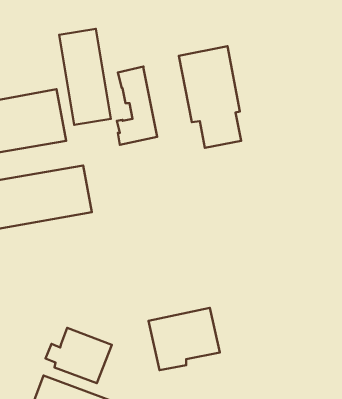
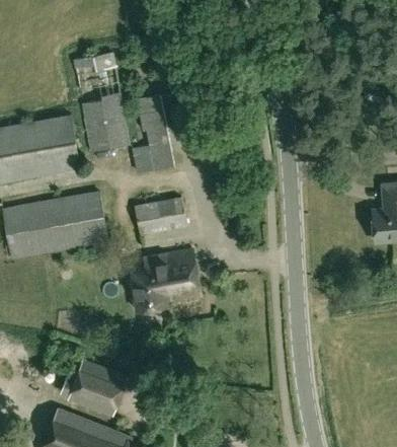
building: [179,46,241,148] -> none
building: none -> [135,197,185,232]
building: [148,308,220,370] -> [129,248,202,312]

